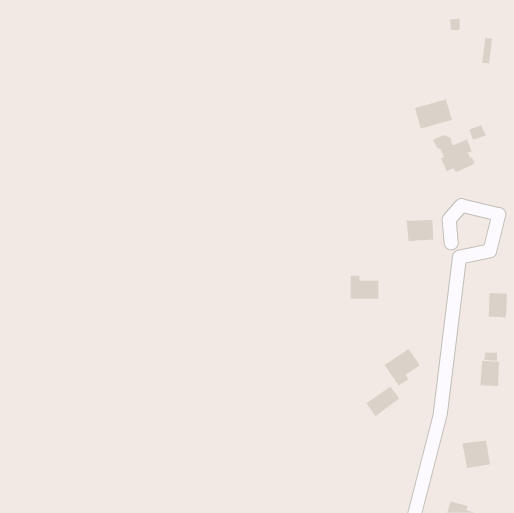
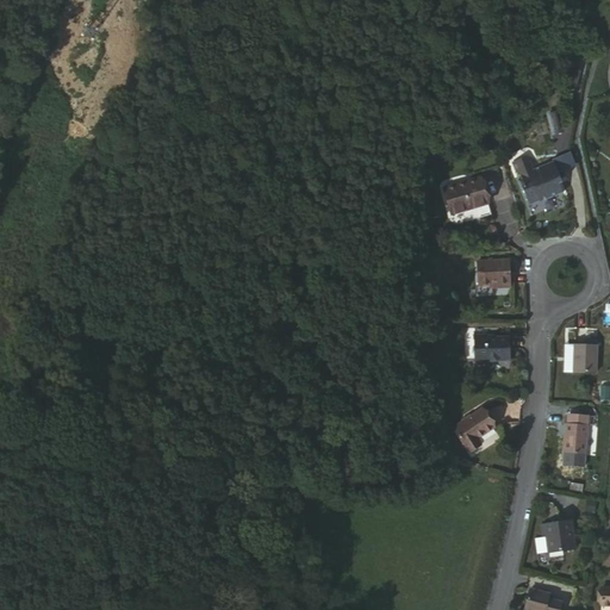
building: [414,99,453,129] -> [446,178,491,213]
building: [350,275,379,299] -> [474,328,509,356]
building: [365,385,400,417] -> none

